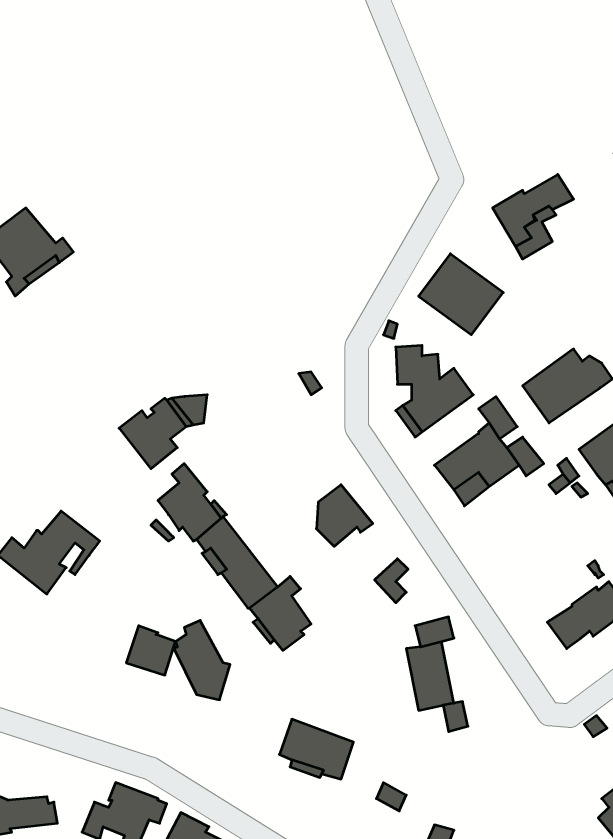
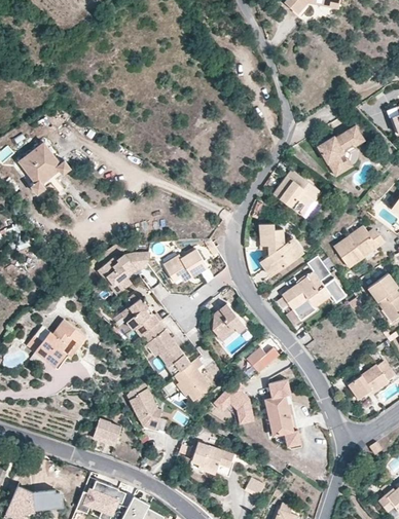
building: none -> [164,250,208,284]
building: none -> [212,379,254,423]
building: [126,626,176,675] -> [93,418,121,447]

